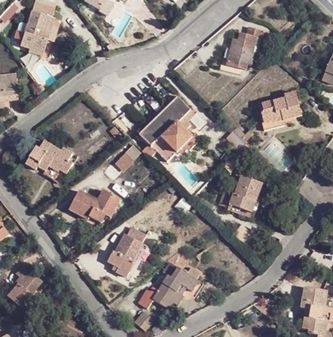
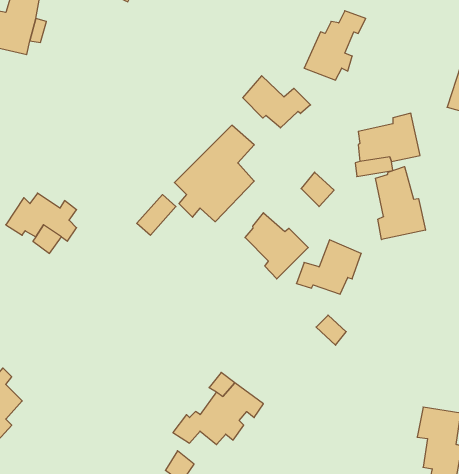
building: none -> [243,76,311,128]
building: none -> [376,167,425,240]
building: none -> [245,213,308,279]
building: [71,188,122,221] -> none
building: [110,230,146,278] -> none

